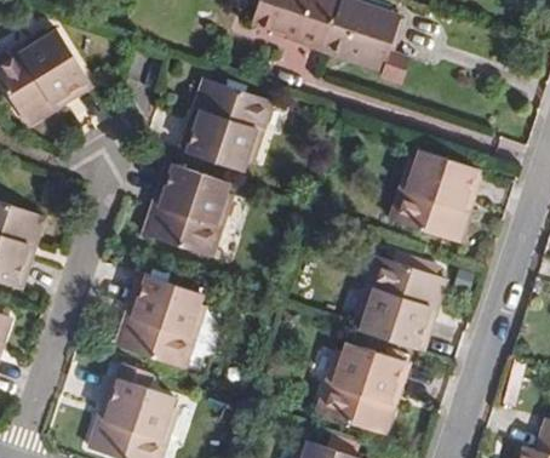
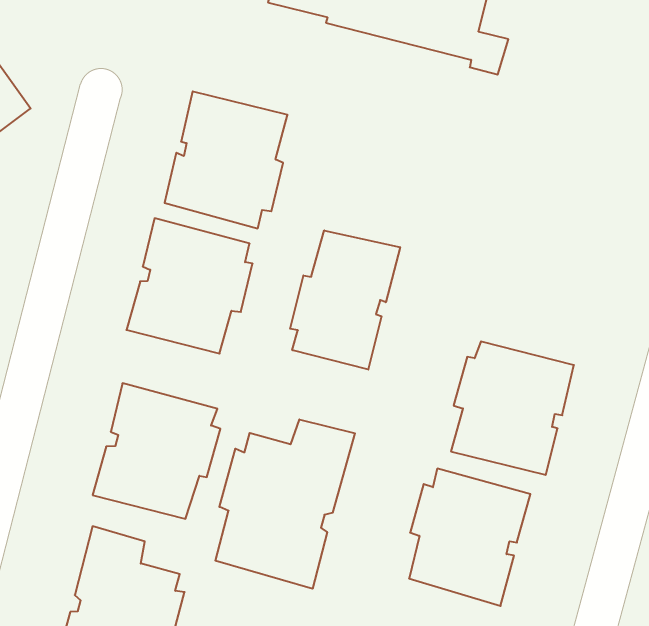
building: [397,148,482,240] -> none
building: none -> [290,230,400,370]
building: none -> [215,419,355,589]

